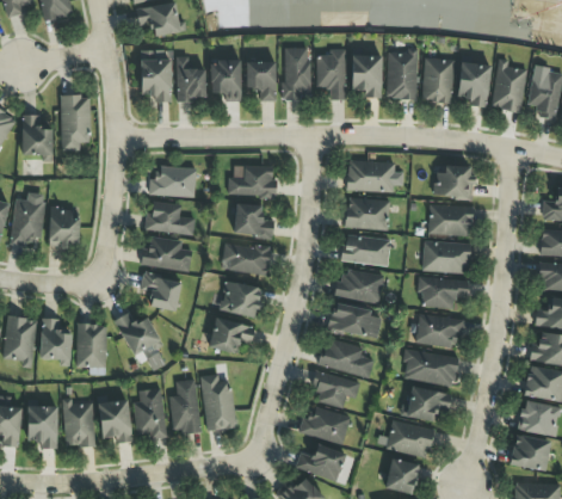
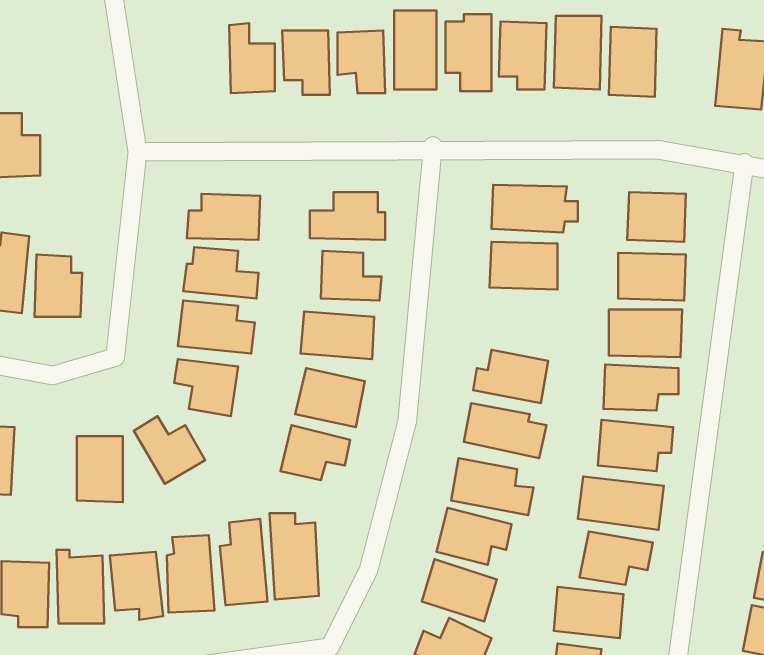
building: [141,50,172,103] -> none
building: [458,63,489,107] -> none
building: [61,96,91,152] -> none
building: [341,234,391,266] -> none
building: [39,319,72,366] -> none

